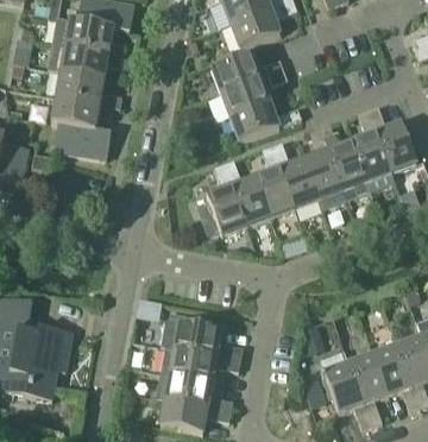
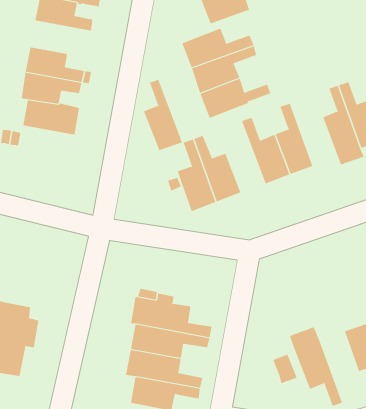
building: [61,45,122,78] -> none
building: [320,124,370,197] -> none
building: [256,145,295,216] -> [143,79,183,151]
building: [350,354,388,425] -> none

